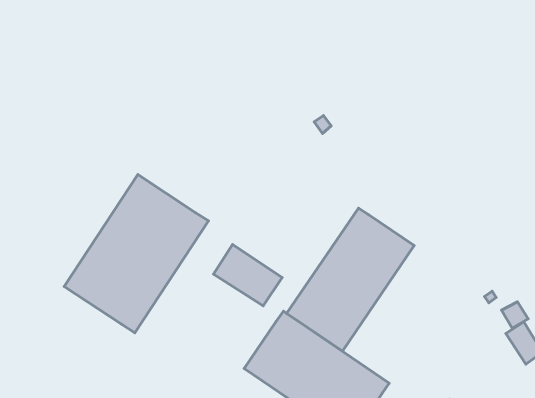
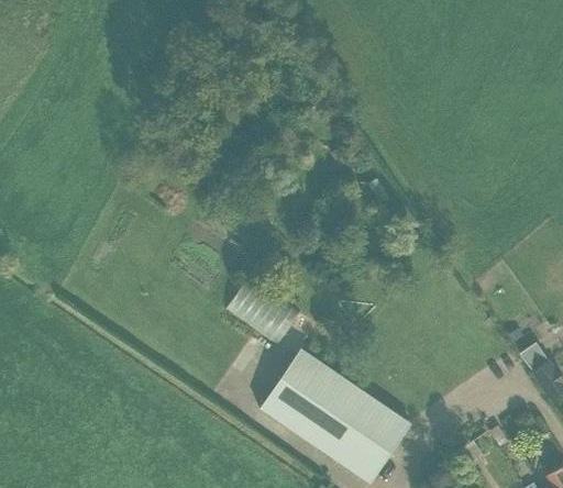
building: [64,175,209,333] -> none
building: [287,208,414,351] -> none

